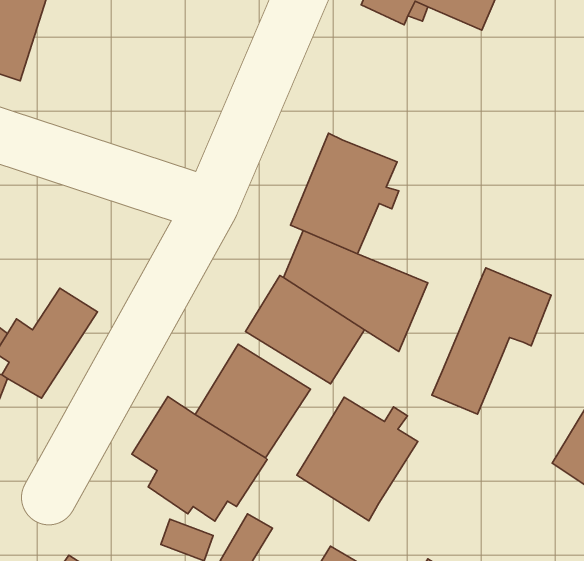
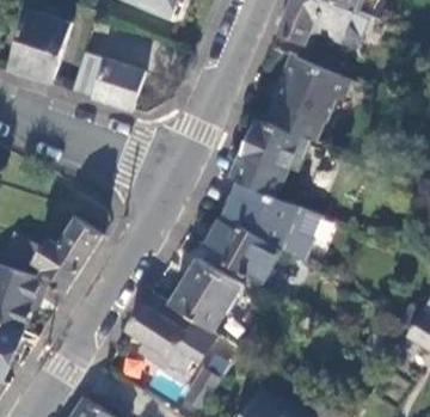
building: none -> [70,51,143,109]
building: none -> [264,59,339,137]
building: [432,268,551,414] -> none
building: [297,397,418,521] -> none

